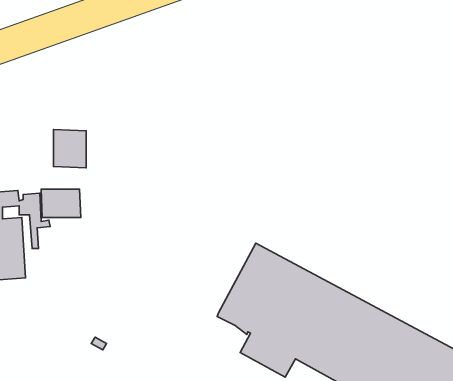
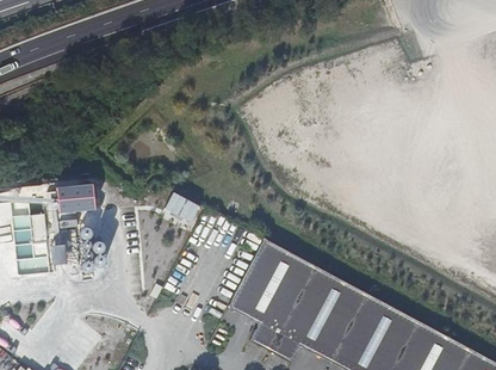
building: [54,129,86,168] -> none
building: none -> [167,195,204,226]

